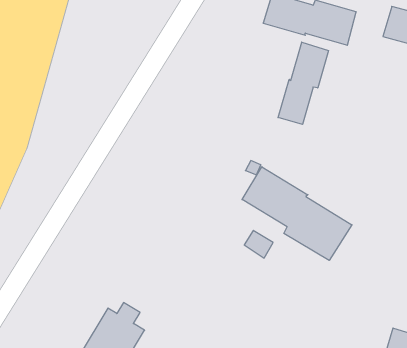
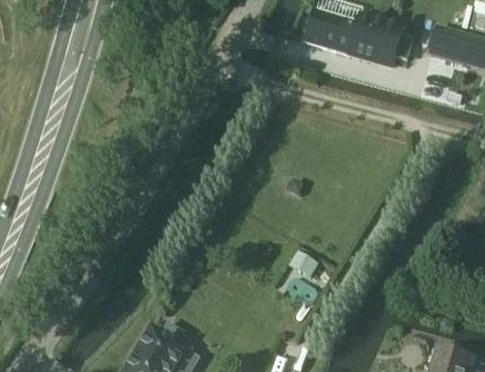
building: [278,42,328,124] -> none
building: [242,167,352,260] -> none

